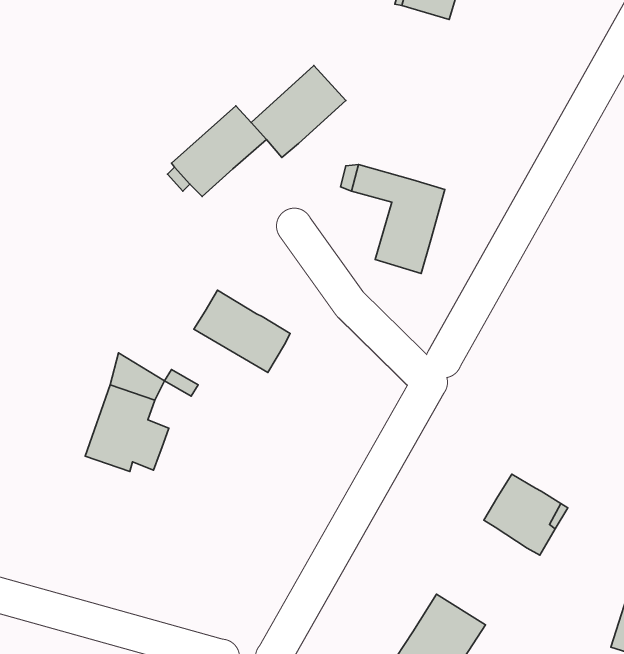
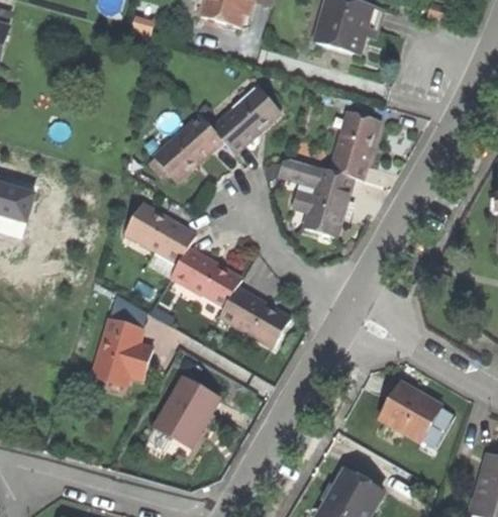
building: none -> [329,111,378,178]
building: none -> [125,204,196,264]
building: none -> [219,288,290,347]
building: none -> [154,377,219,448]

